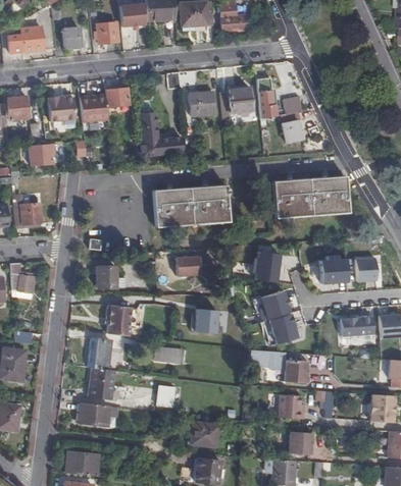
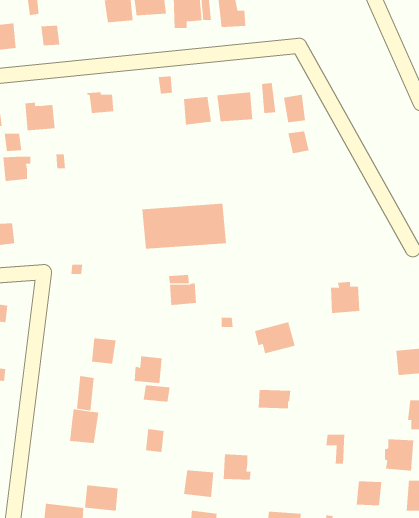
building: [96,21,118,43] -> none
building: [81,95,107,121] -> none
building: [140,112,182,155] -> none
building: [273,176,347,217] -> none
building: [255,251,280,281] -> none
building: [355,258,377,281] -> none
building: [96,266,124,286] -> none
building: [192,309,217,333] -> [134,356,162,383]
building: [260,312,300,344] -> none
building: [341,316,373,335] -> none
building: [284,358,306,381] -> none
building: [279,395,304,419] -> [223,454,252,480]
building: [80,402,110,426] -> [84,485,119,511]
building: [289,430,312,452] -> [356,481,382,506]

